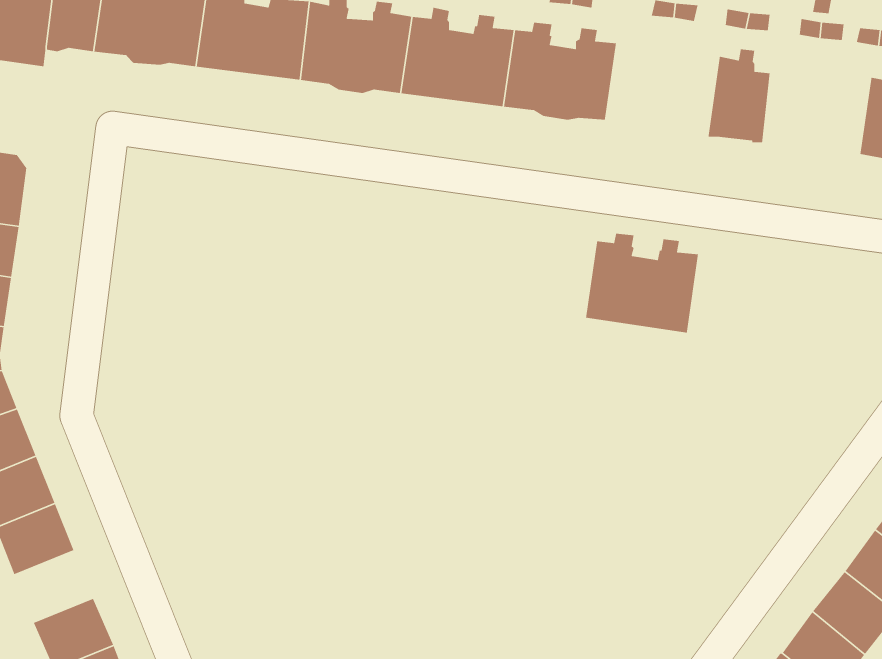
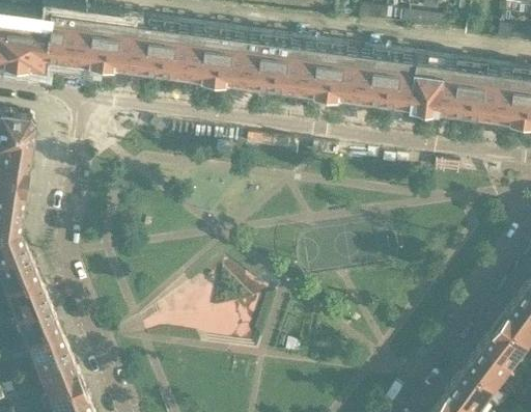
building: none -> [437,65,496,119]
building: [585,233,699,333] -> [351,54,413,109]
building: none -> [27,336,71,376]

